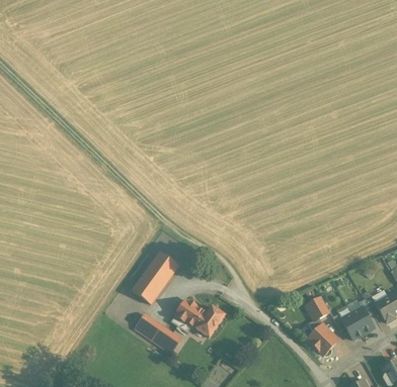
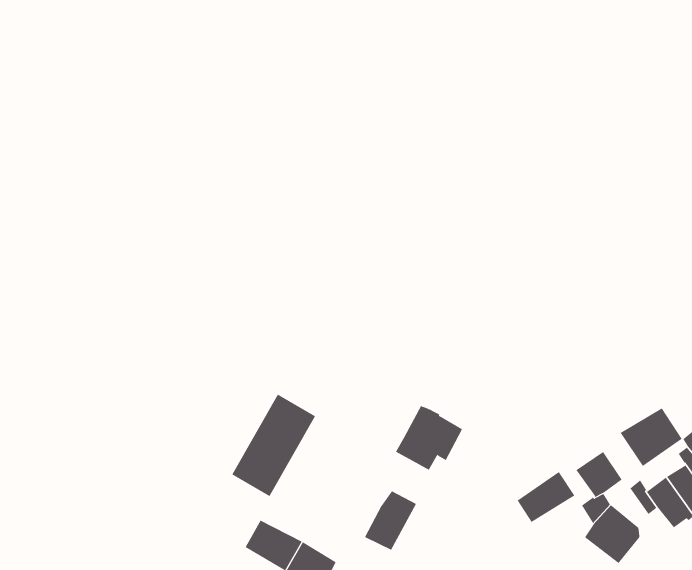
building: none -> [620,408,682,467]
building: [171,298,207,331] -> [395,405,463,471]
building: none -> [517,471,575,523]

